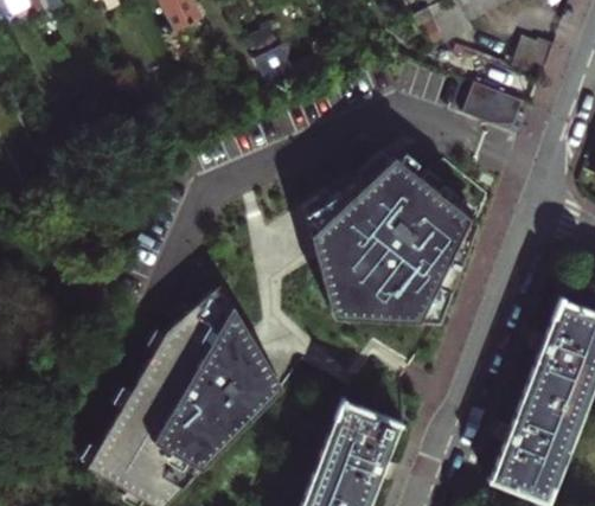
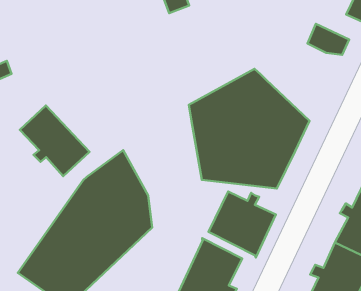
building: none -> [20,106,90,176]
building: none -> [209,192,276,257]

